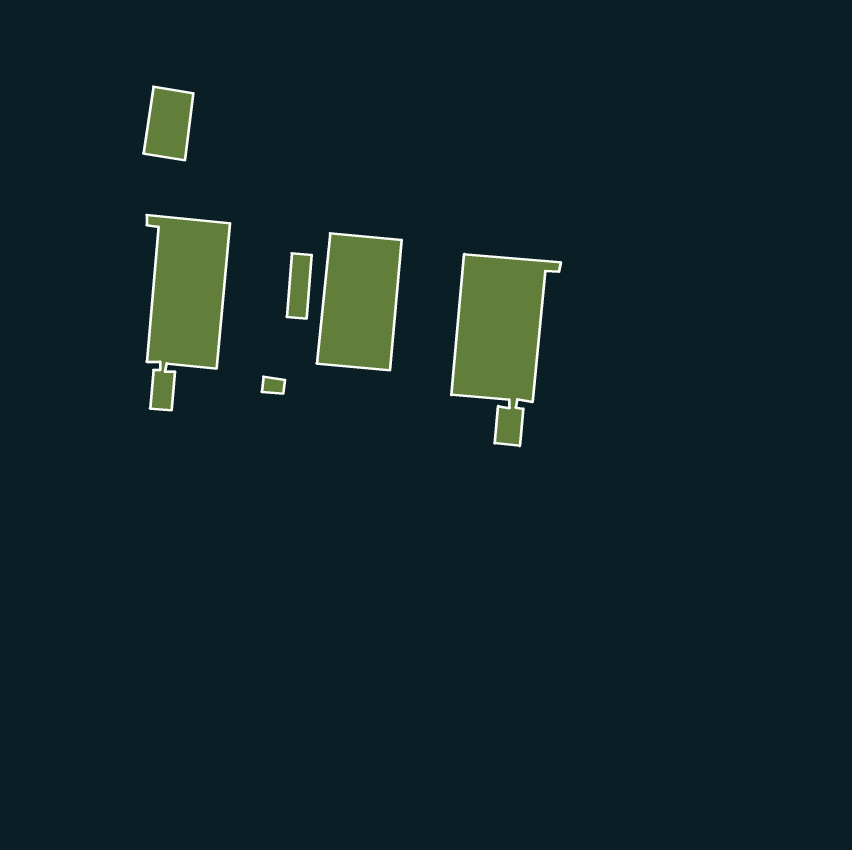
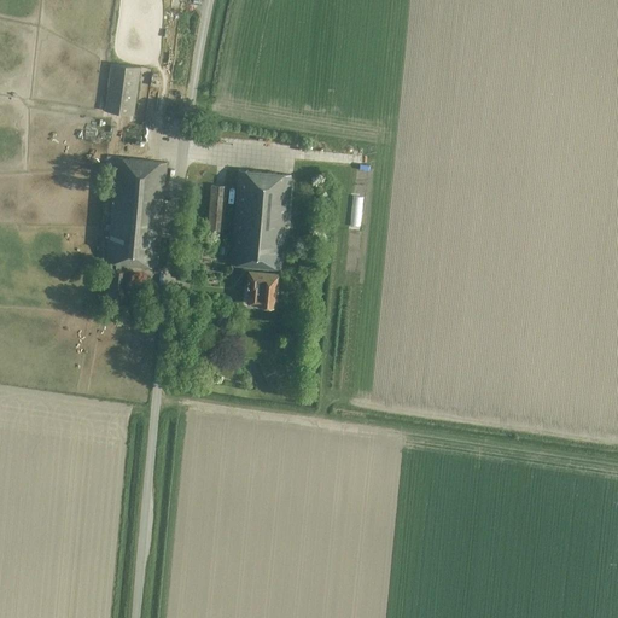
building: [451,254,561,446] -> none
building: none -> [247,272,276,309]

